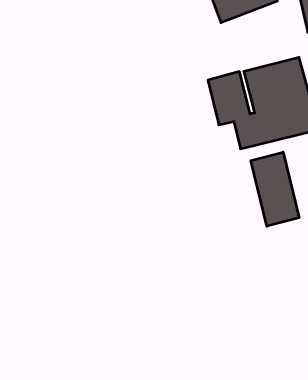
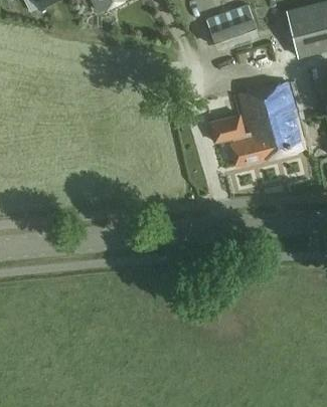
building: [251,152,299,226] -> none

